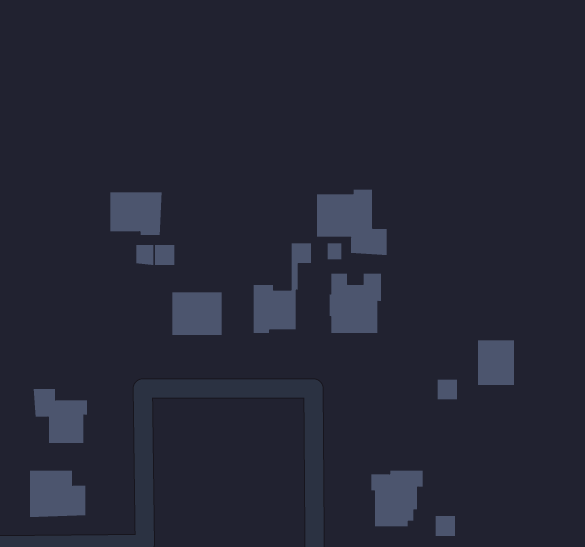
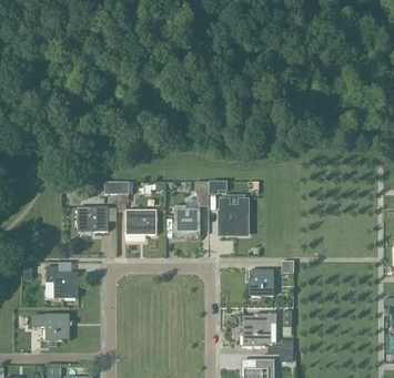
building: [316,189,387,256] -> none
building: [109,192,162,236] -> [78,206,109,232]
building: [477,340,515,385] -> [252,269,274,296]

